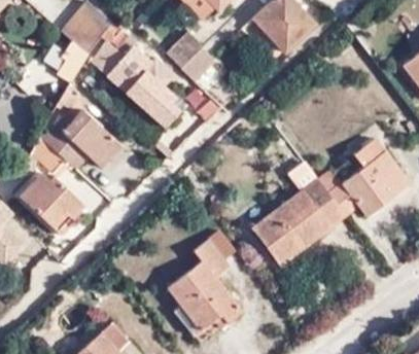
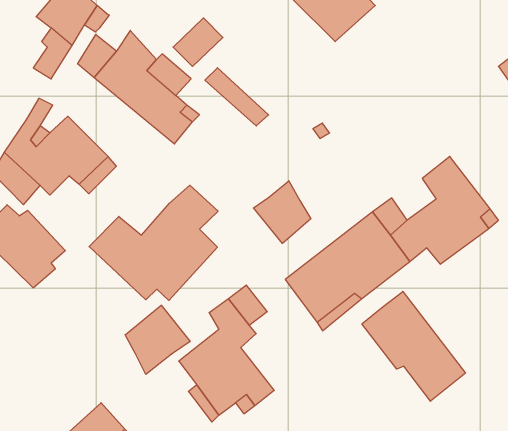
building: none -> [254,181,311,243]
building: none -> [89,185,218,300]
building: none -> [362,291,465,401]
building: none -> [125,305,190,374]

